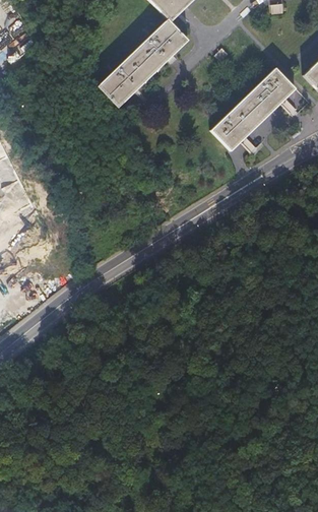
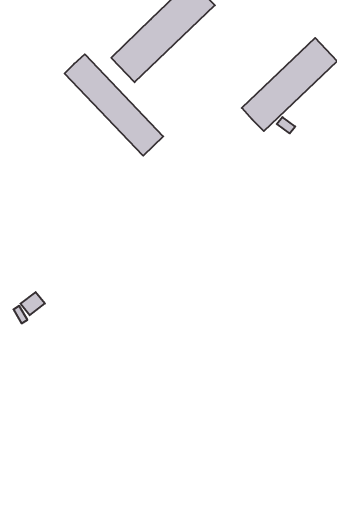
building: none -> [65,54,163,156]

